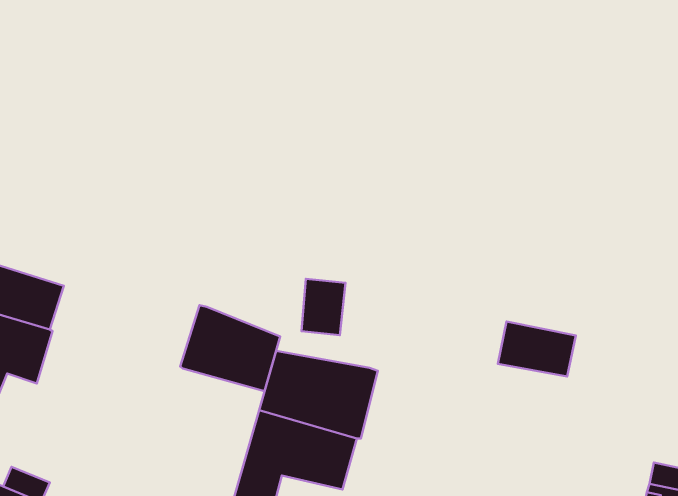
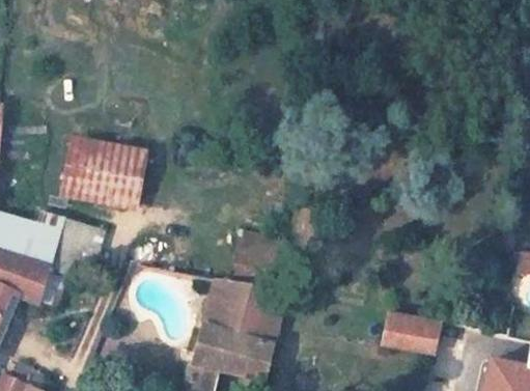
building: none -> [58,148,143,204]
building: [180,305,280,391] -> none
building: [498,321,576,377] -> [382,314,439,355]

